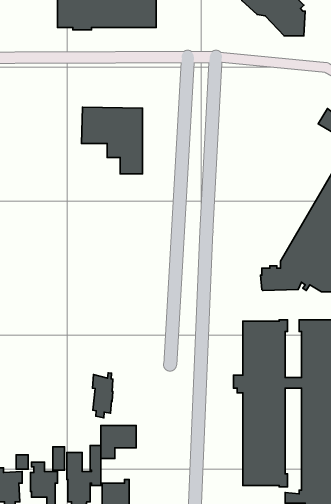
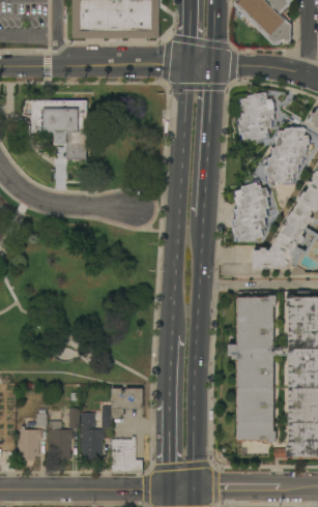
building: none -> [237,92,274,141]
building: [81,107,142,174] -> [31,100,85,159]
building: none -> [264,127,310,185]
building: none -> [232,182,269,242]
building: [92,373,113,418] -> none

